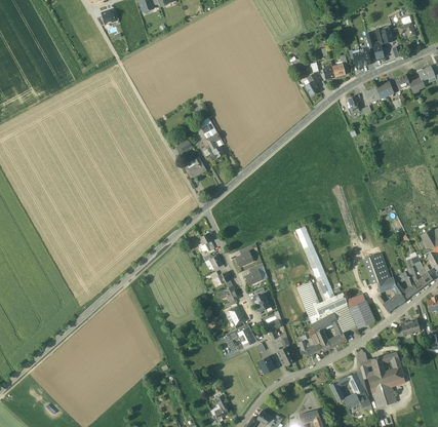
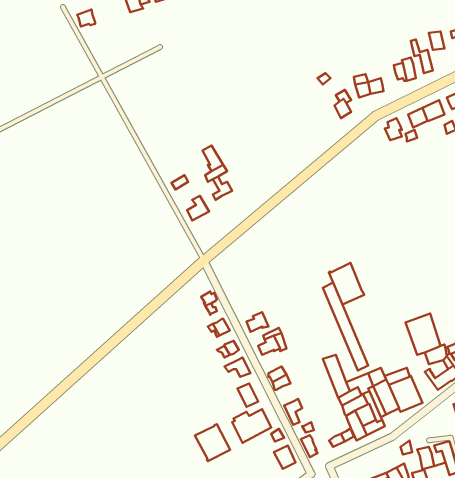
building: none -> [329,263,364,305]
building: none -> [195,424,230,461]

